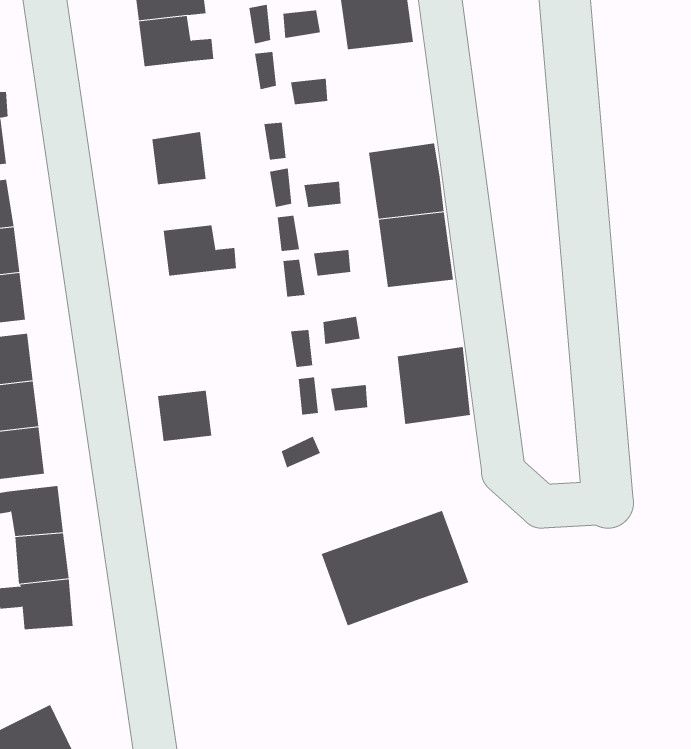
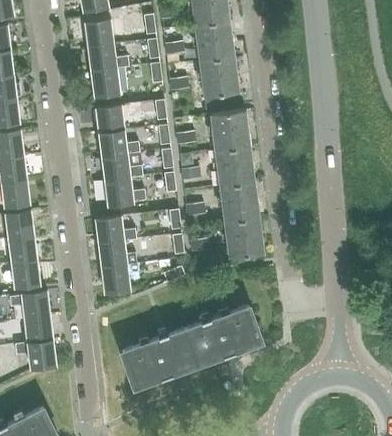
building: none -> [199,58,239,98]
building: none -> [92,68,121,96]
building: none -> [99,130,140,157]
building: none -> [105,178,146,206]
building: none -> [220,183,260,223]
building: none -> [96,216,136,244]
building: none -> [102,265,131,293]
building: none -> [122,327,199,388]

